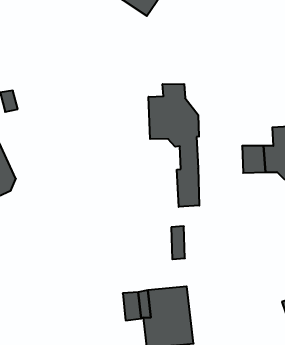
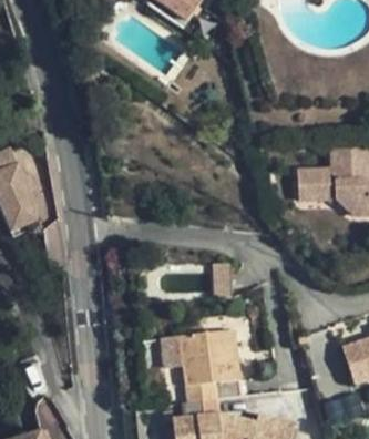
building: [149,84,199,207] -> none

